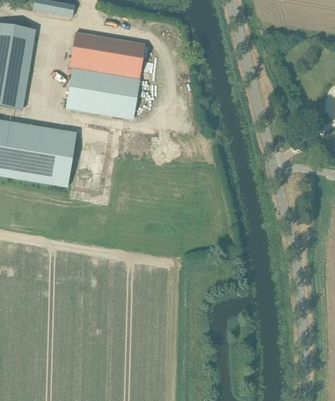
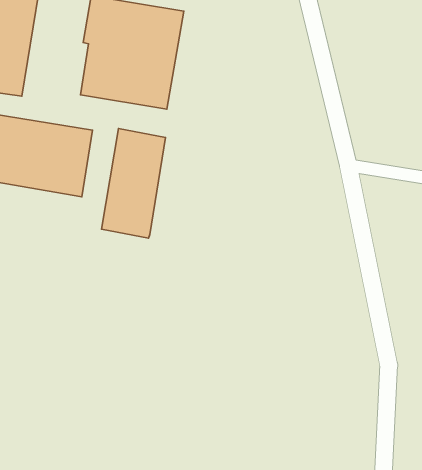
building: none -> [102,128,166,238]

